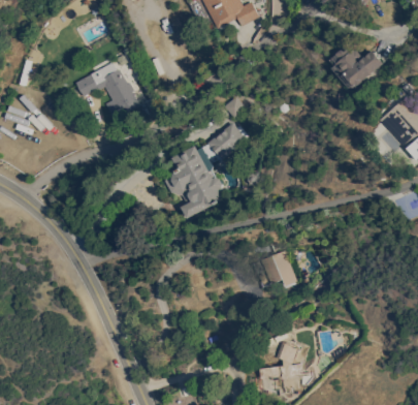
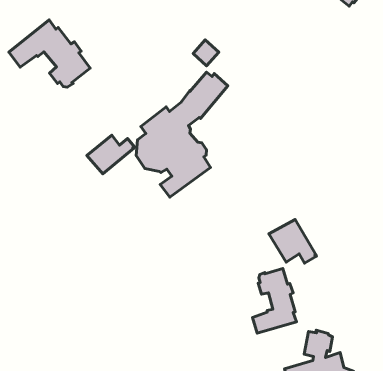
building: none -> [87,135,135,174]
building: none -> [252,269,296,333]

